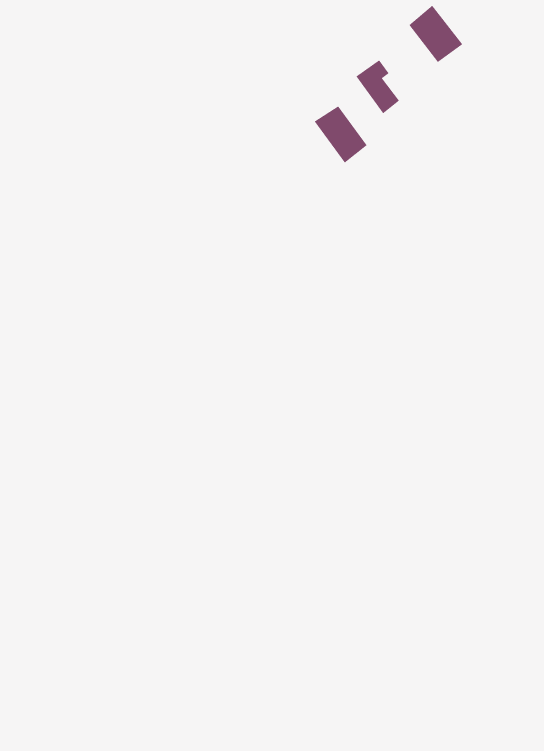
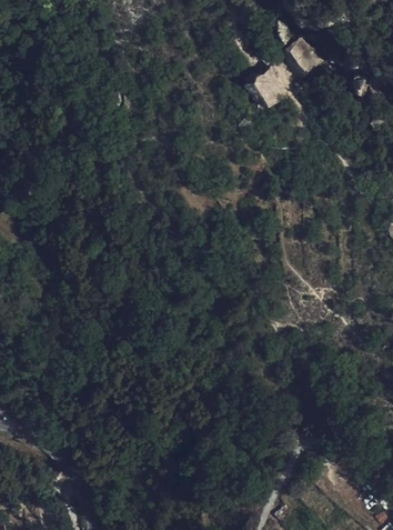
building: [314,105,368,163] -> none

